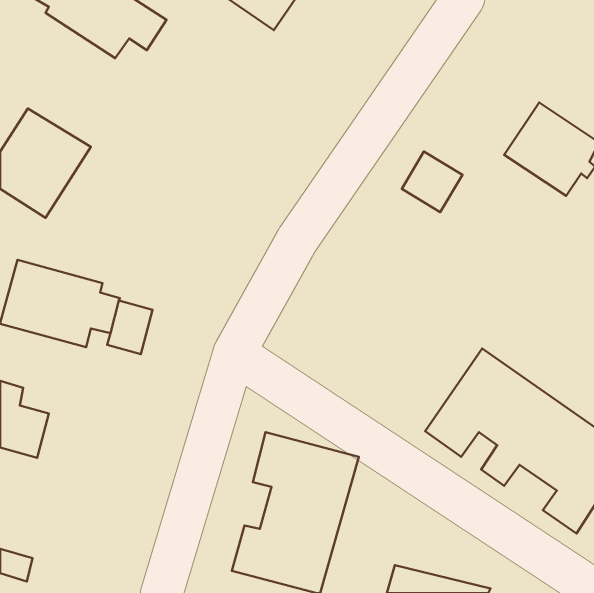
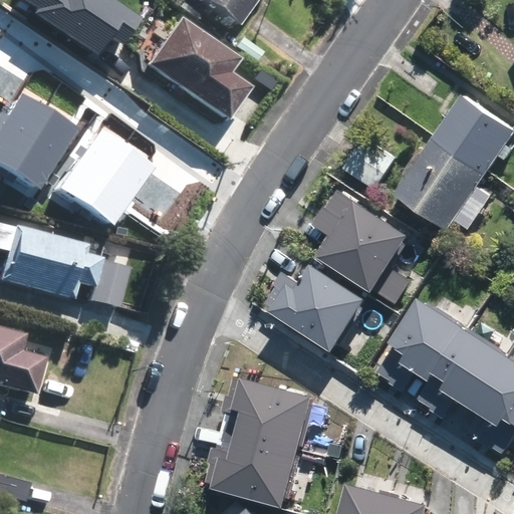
building: none -> [152,16,255,117]
building: none -> [62,124,160,224]
building: none -> [400,134,489,224]
building: none -> [306,184,415,315]
building: none -> [259,266,359,357]

